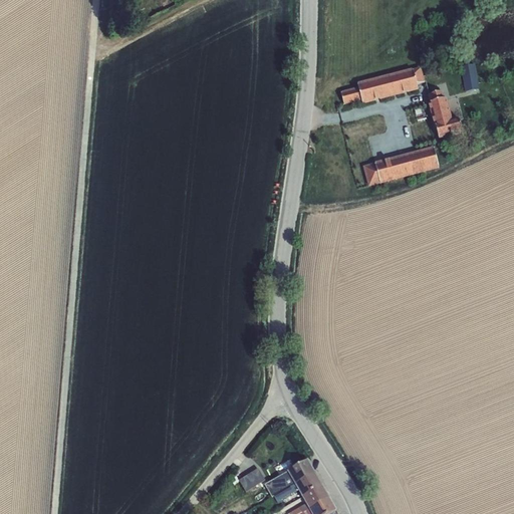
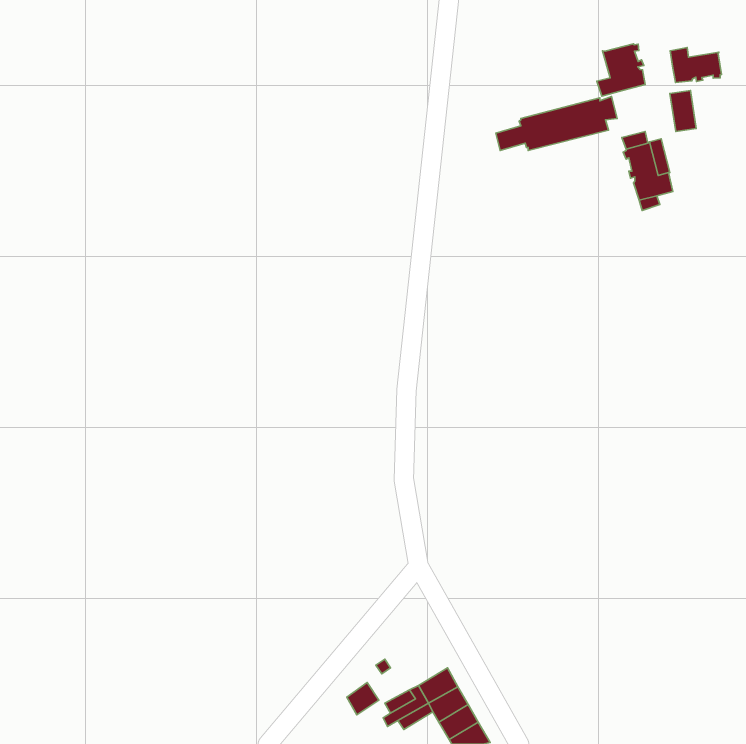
building: none -> [597,44,645,96]
building: none -> [670,48,721,82]
building: [362,146,446,192] -> none

